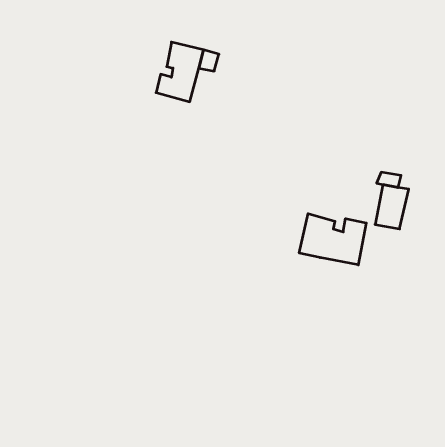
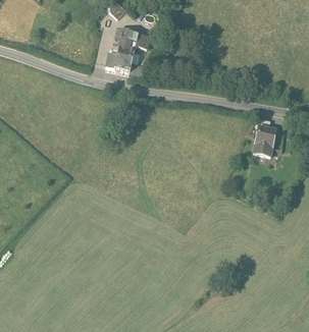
building: [299,214,366,265] -> none

